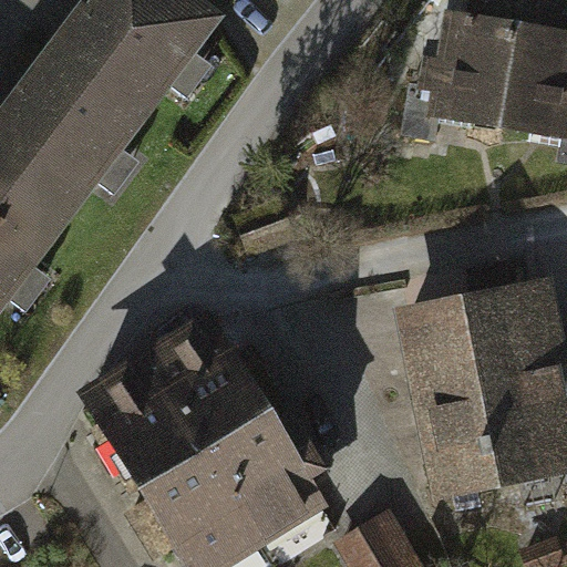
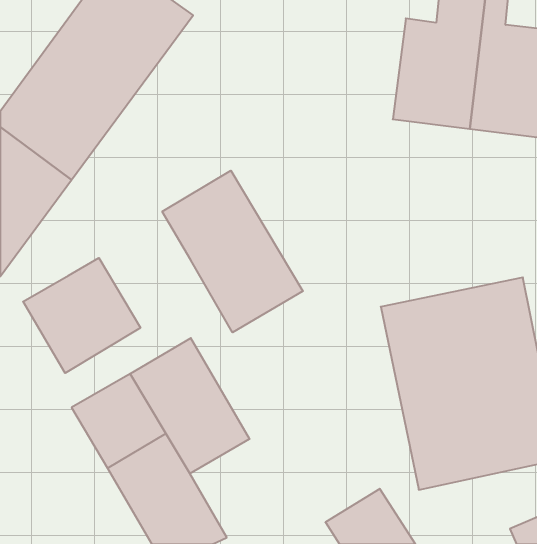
building: none -> [162,171,303,332]
building: none -> [23,258,140,373]
building: [212,449,310,549] -> none

